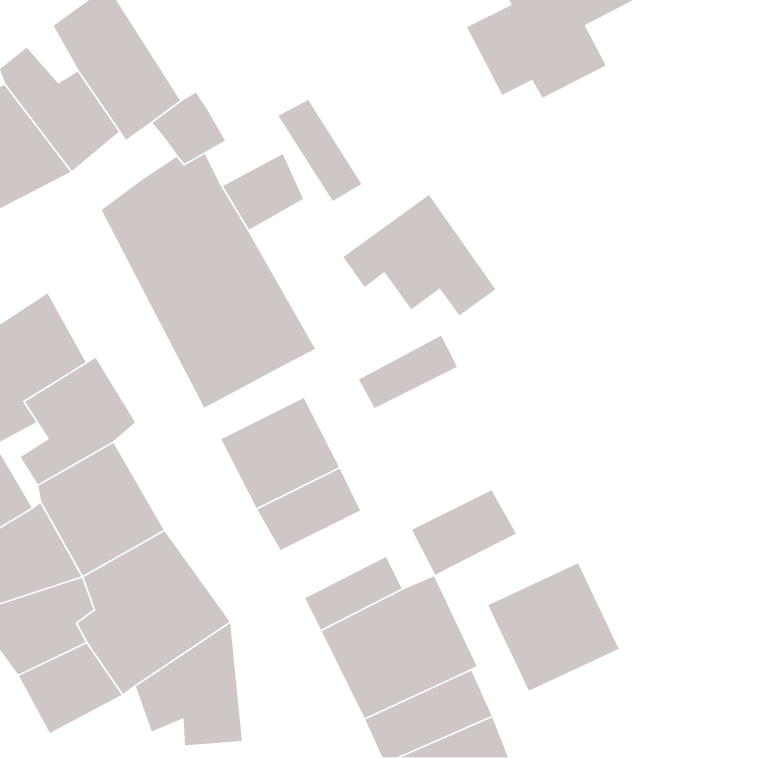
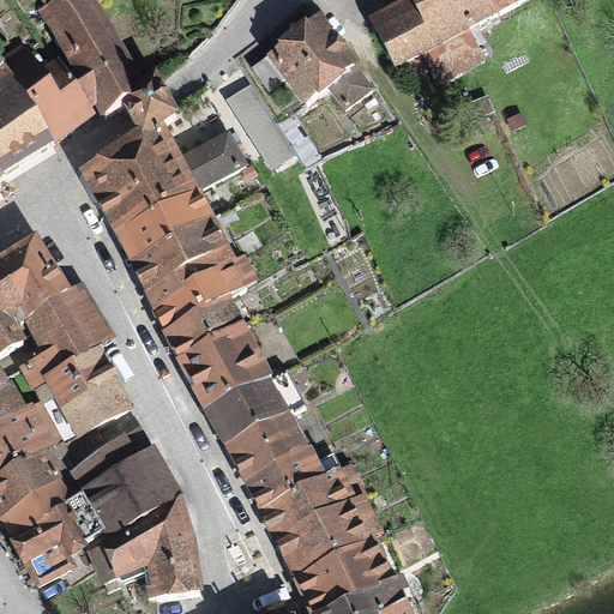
building: [342,194,496,317] -> [252,13,375,112]
building: [358,334,458,409] -> [163,291,243,351]
building: [411,489,517,576] -> [224,409,309,478]
building: [487,562,620,692] -> none

